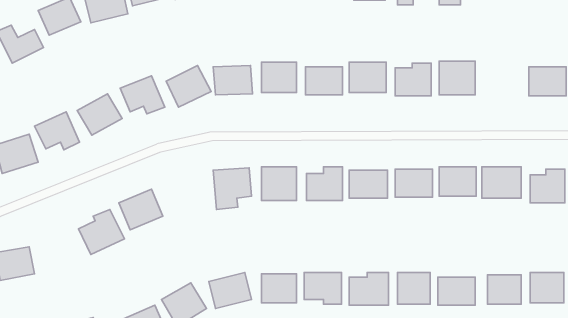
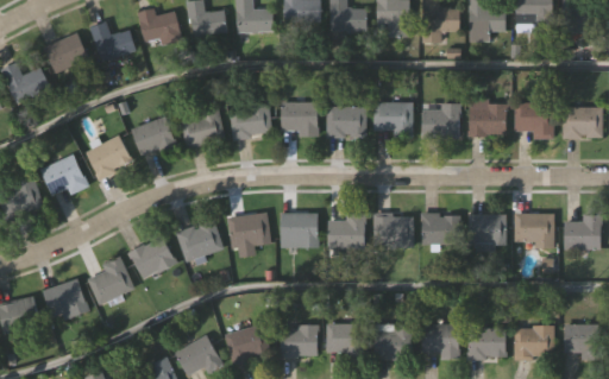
building: none -> [513,103,553,139]
building: none -> [175,220,222,261]
building: none -> [44,279,87,321]

